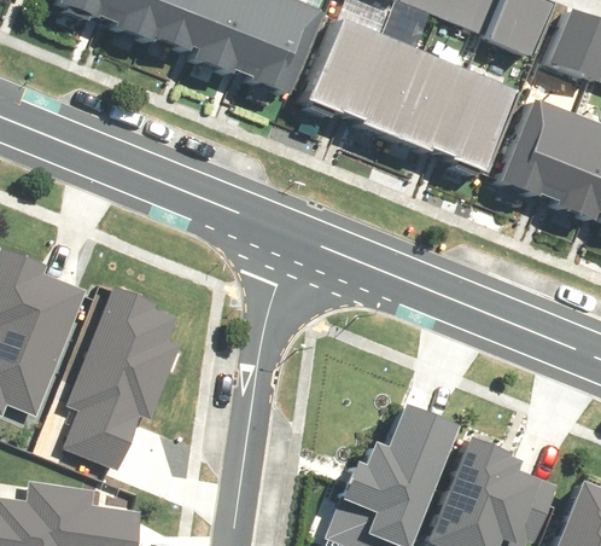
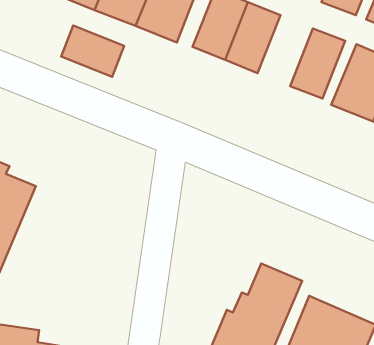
building: [396,56,472,153] -> none
building: none -> [61,25,124,77]
building: [63,283,179,471] -> none

